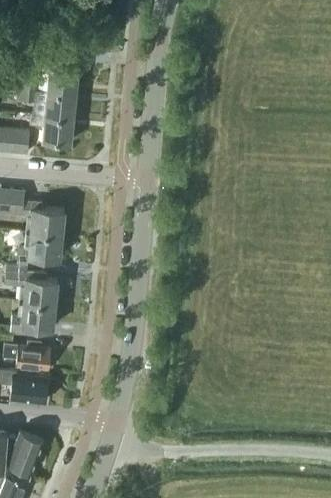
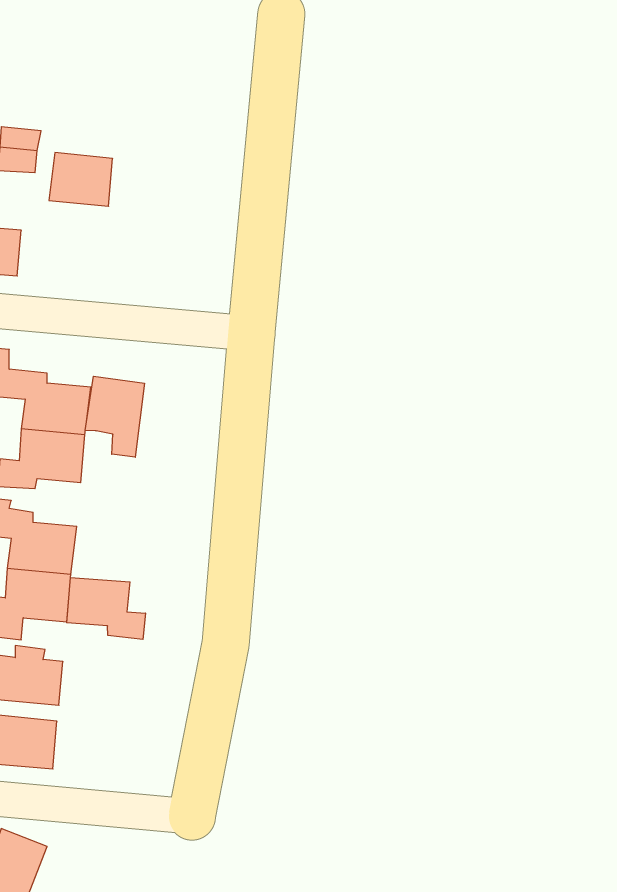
building: [47,68,79,96] -> none
building: [30,115,74,144] -> none
building: none -> [85,376,144,457]
building: none -> [67,578,145,639]

